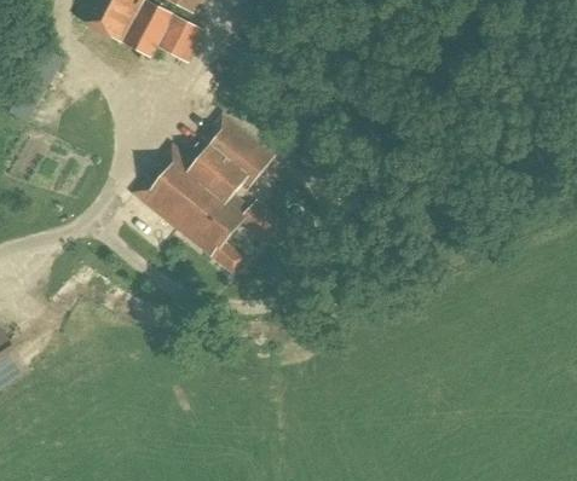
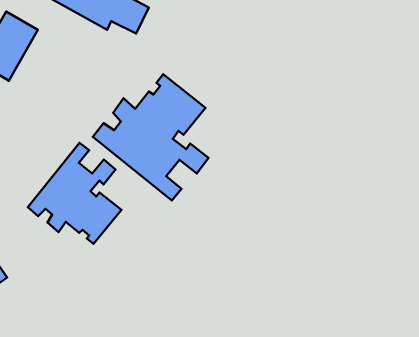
building: none -> [28,143,121,244]

